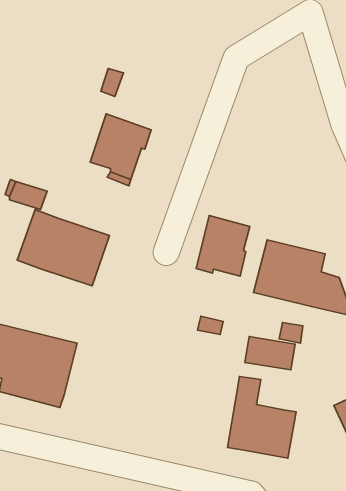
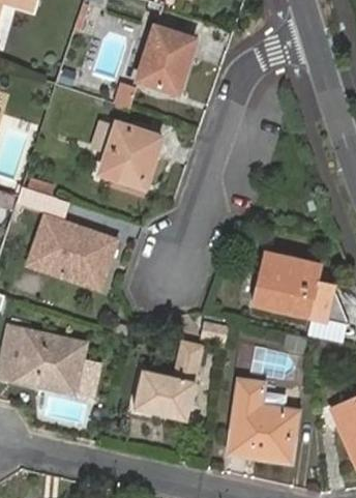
building: none -> [132,31,189,97]
building: [196,215,250,276] -> none
building: none -> [132,339,202,420]

